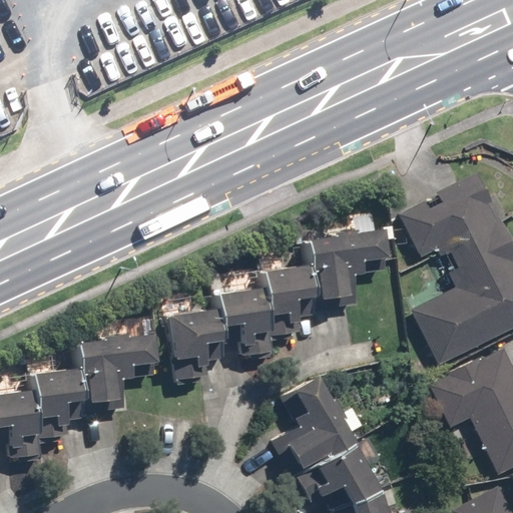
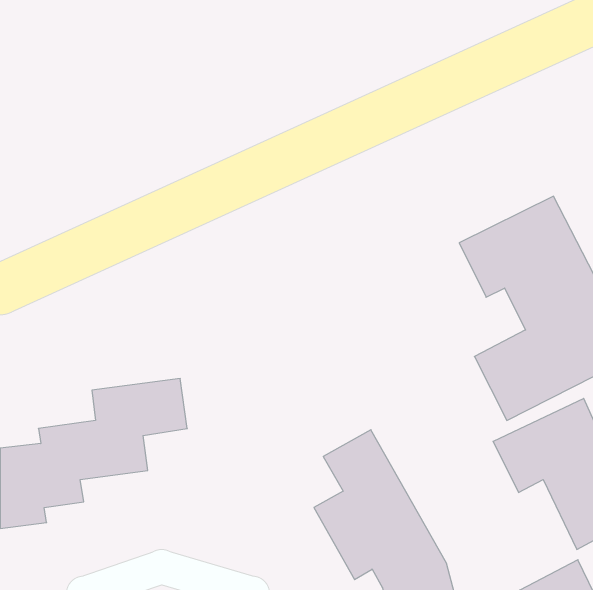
building: [165,225,395,386] -> none

